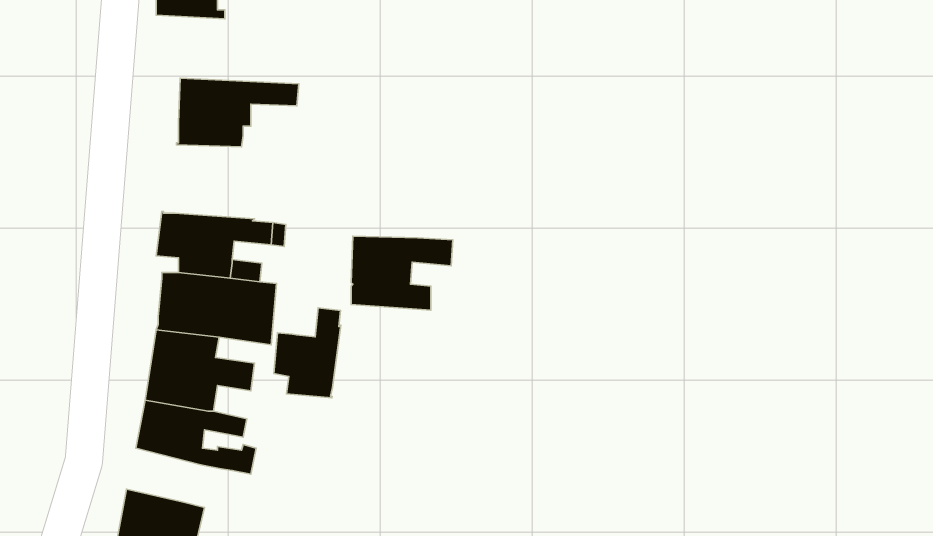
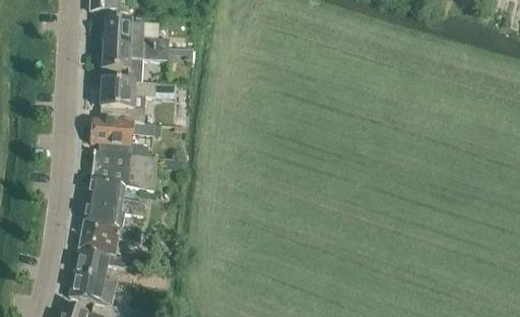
building: none -> [104,20,169,48]
building: [351,236,453,310] -> [101,81,156,122]
building: [274,308,341,398] -> none
building: none -> [74,248,126,277]

